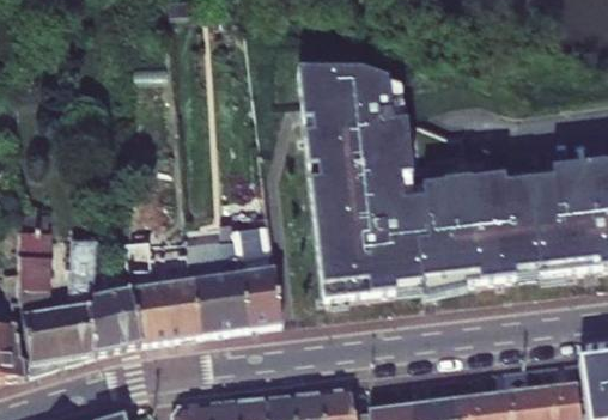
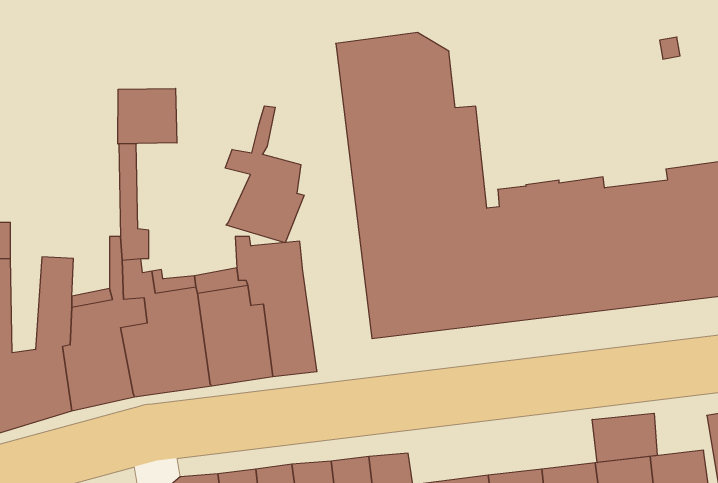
building: none -> [118,88,177,144]
building: none -> [225,106,304,243]
building: none -> [592,413,657,463]

